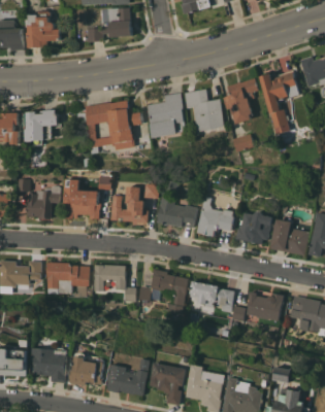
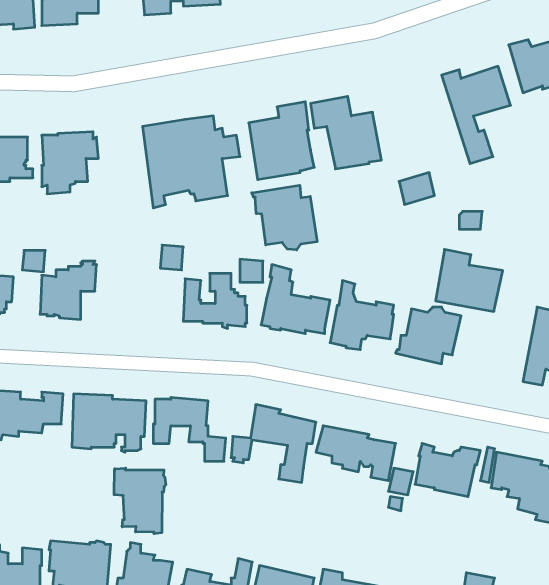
building: [223,78,259,125] -> none
building: none -> [252,185,317,250]
building: [62,191,99,219] -> none
building: [269,219,308,255] -> [436,249,503,311]
building: none -> [114,468,166,534]

